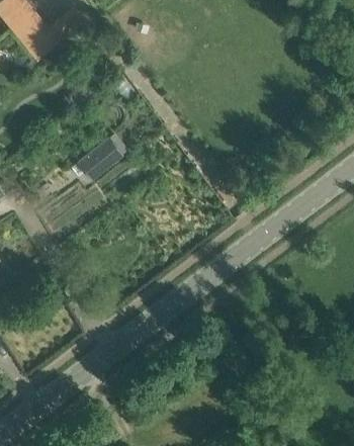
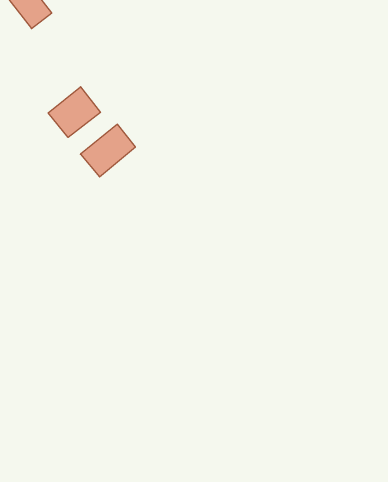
building: none -> [48,87,100,137]

